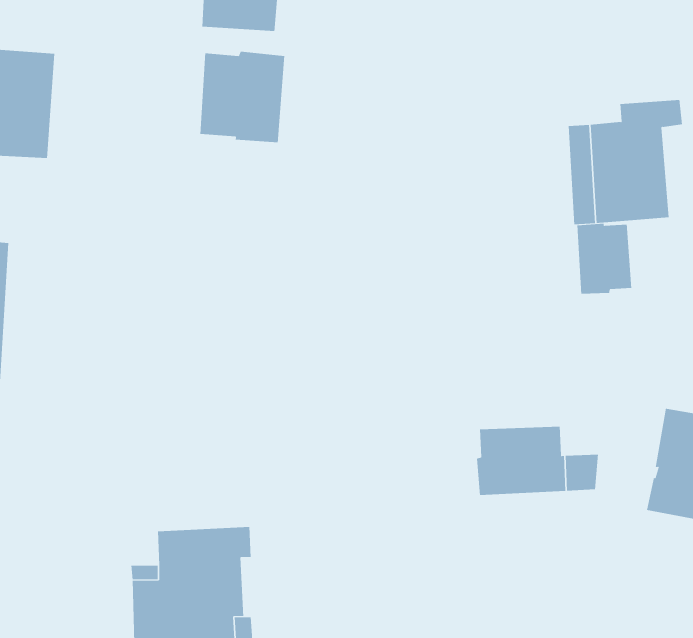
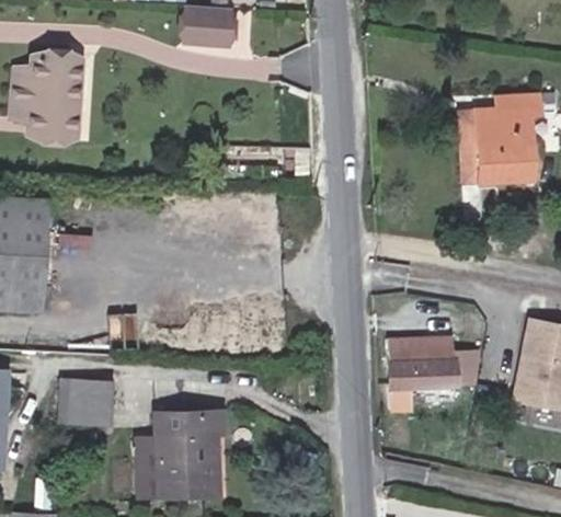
building: [200,51,285,143] -> none
building: [577,223,632,294] -> none
building: none -> [58,380,107,422]

